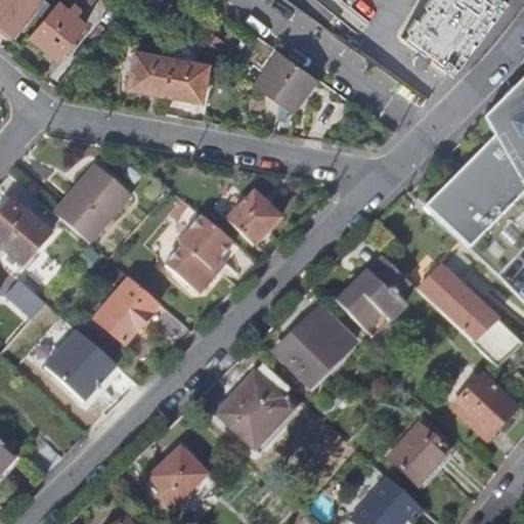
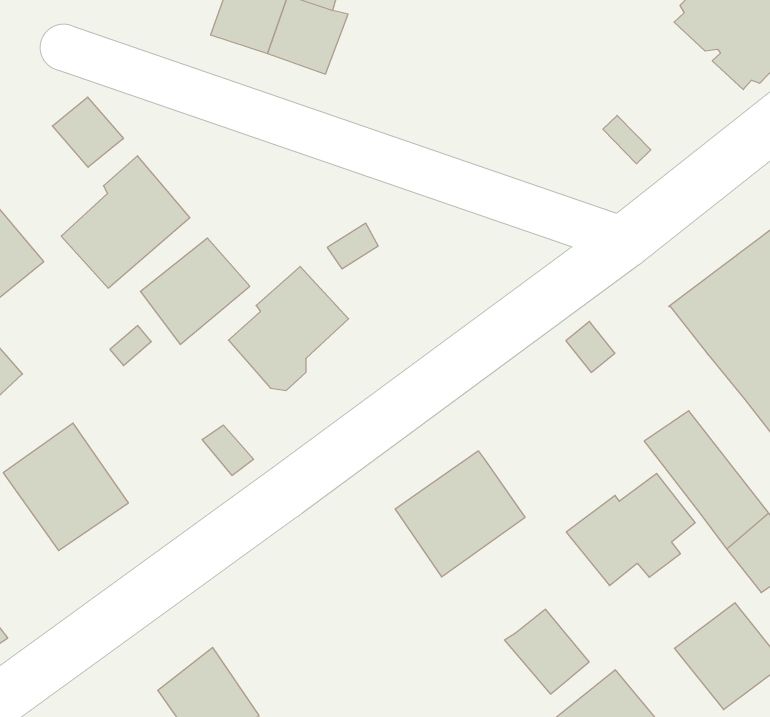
building: [253,50,317,112] -> none
building: none -> [52,97,123,167]
building: [228,192,280,244] -> none
building: [336,257,410,326] -> [566,473,695,586]
building: [94,278,158,343] -> [140,238,250,344]
building: [214,361,290,447] -> none
building: none -> [504,609,589,694]

